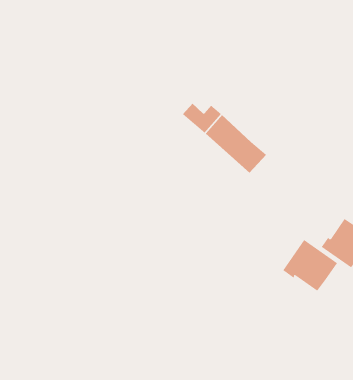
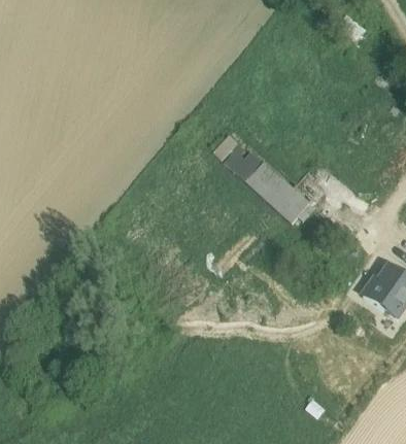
building: [282,239,338,291] -> none

